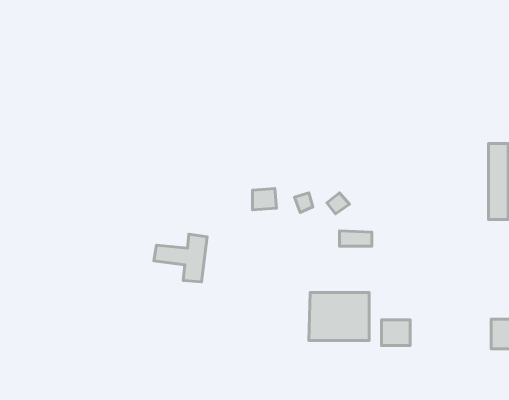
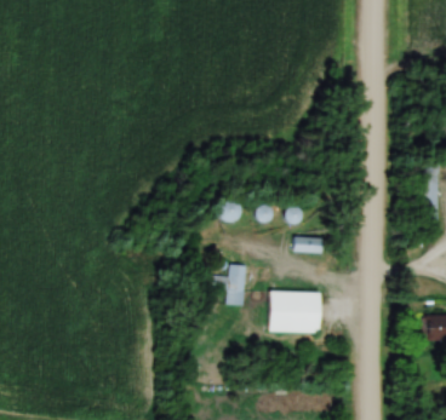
building: [154,234,207,282] -> [201,265,247,306]
building: [381,320,410,345] -> none

